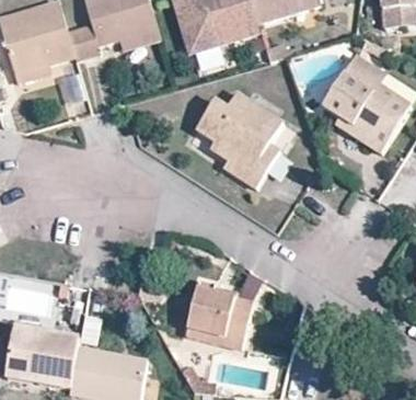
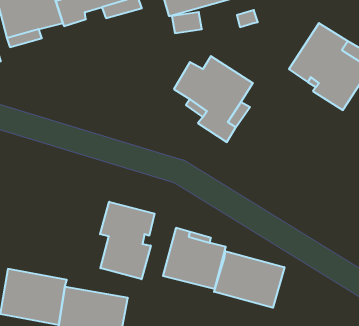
building: none -> [100,202,155,279]
building: none -> [214,251,284,308]

